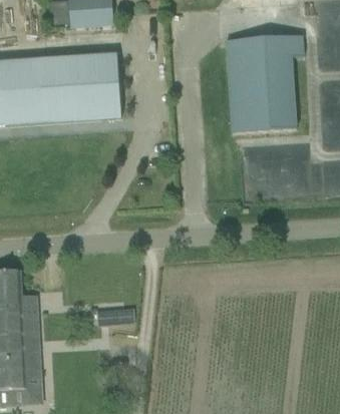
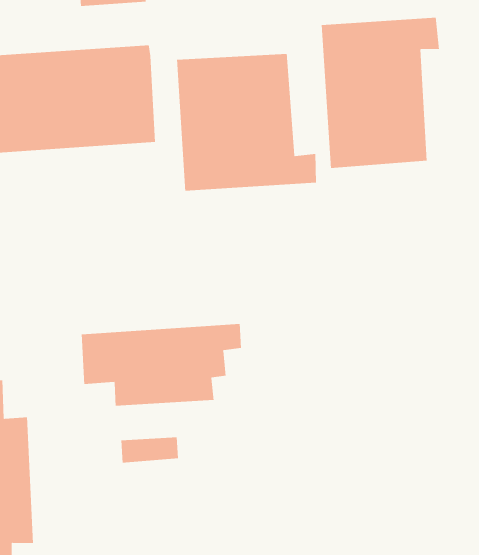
building: none -> [176,53,317,191]
building: none -> [81,323,242,407]

